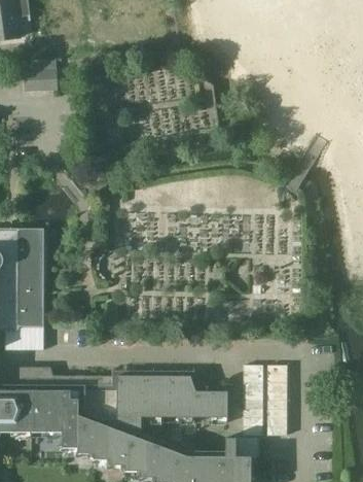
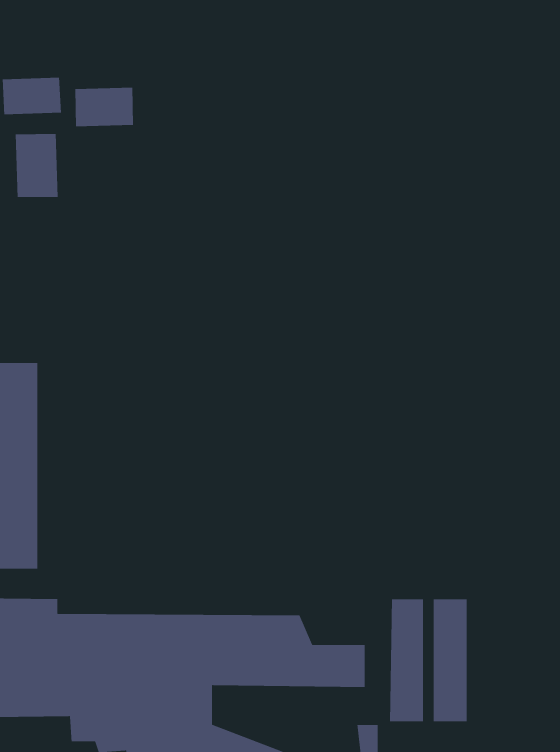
building: none -> [75,87,134,127]
building: none -> [15,133,58,198]

